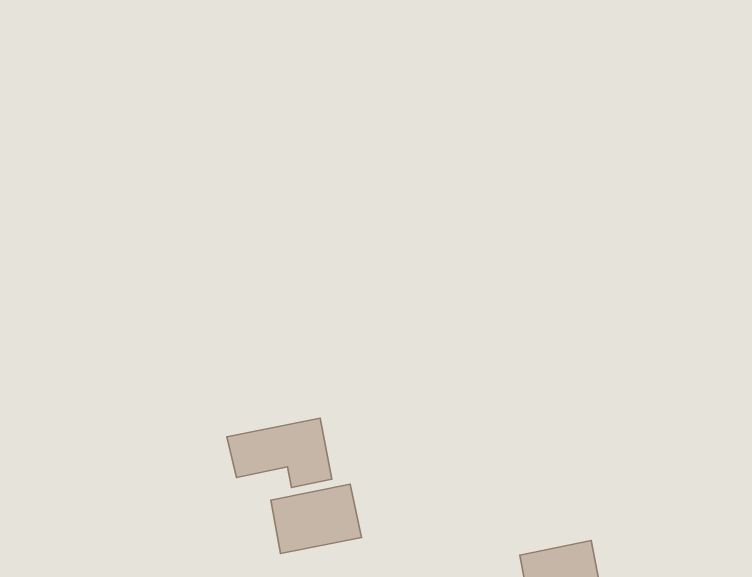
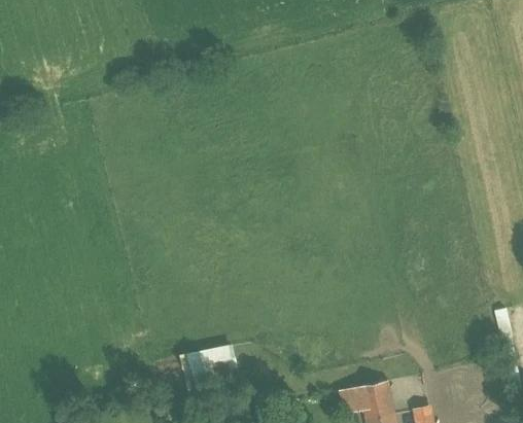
building: [227,418,332,487] -> none

